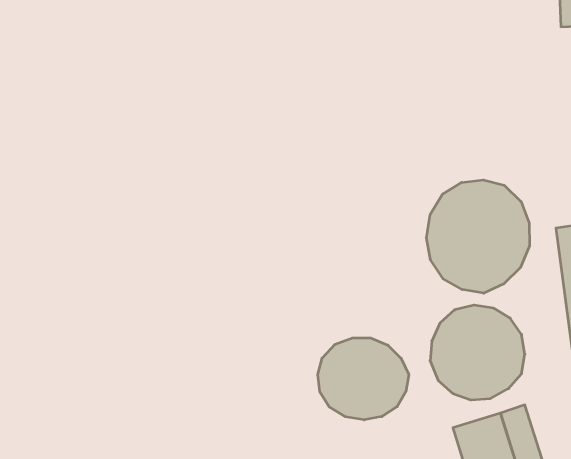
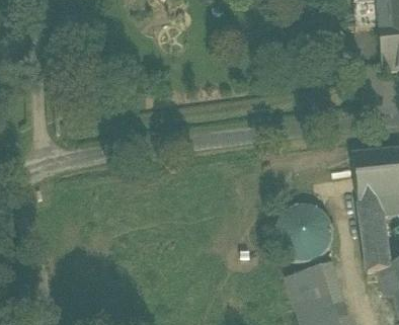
building: [426,180,529,293] -> none
building: [318,338,409,420] -> none

